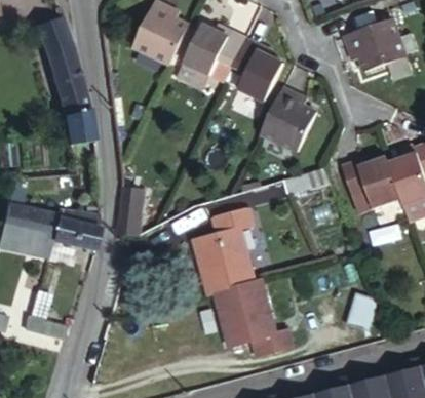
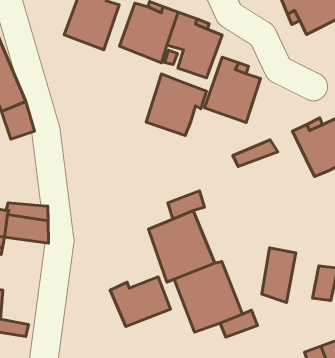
building: none -> [146,74,207,136]
building: [117,186,143,234] -> none
building: none -> [262,248,296,302]
building: none -> [110,277,171,326]

